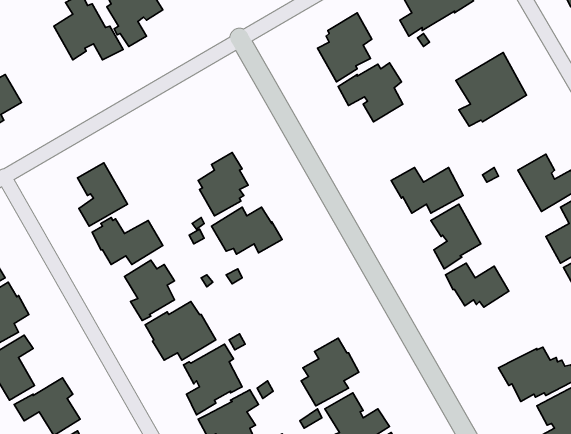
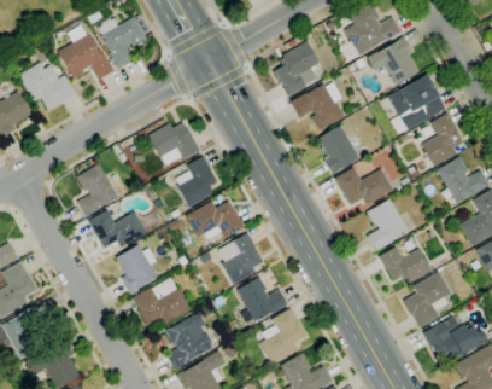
building: none -> [368,36,418,86]
building: none -> [19,63,76,110]
building: none -> [422,112,464,167]
building: none -> [148,122,200,164]
building: none -> [317,124,359,174]
building: none -> [217,232,264,285]
building: none -> [403,267,451,327]
building: none -> [238,277,288,323]

